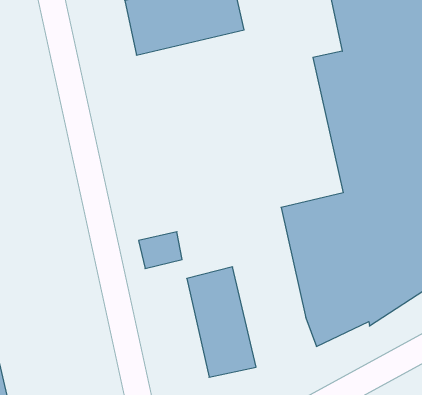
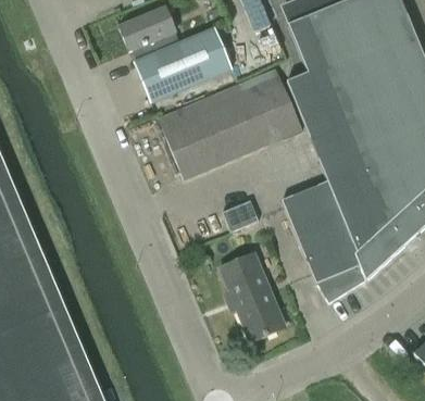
building: none -> [159,67,301,174]
building: [139,232,182,269] -> [222,199,258,231]

